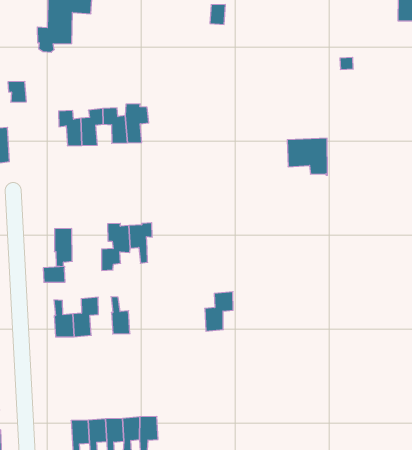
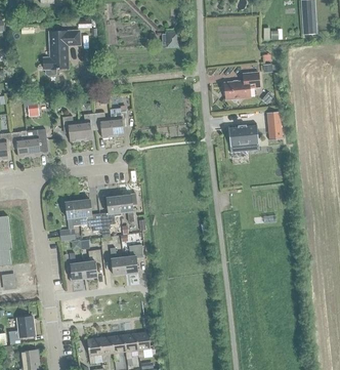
building: none -> [223,71,259,101]
building: none -> [264,111,282,139]
building: none -> [26,128,46,155]
building: none -> [77,199,100,230]
building: [205,292,233,331] -> [122,243,142,273]

